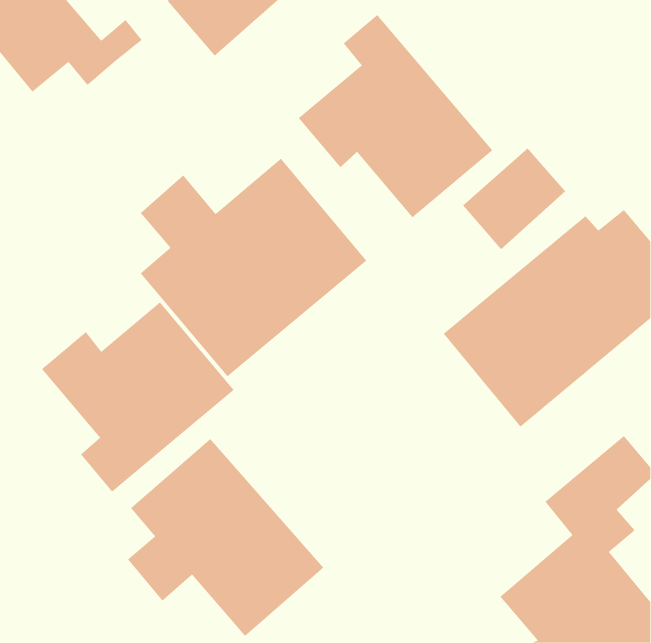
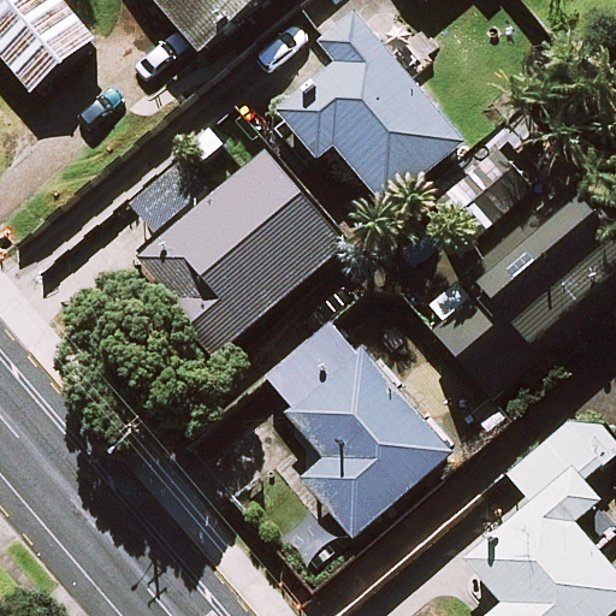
building: [41,302,234,492] -> none
building: none -> [272,331,450,535]
building: [127,438,324,637] -> none

